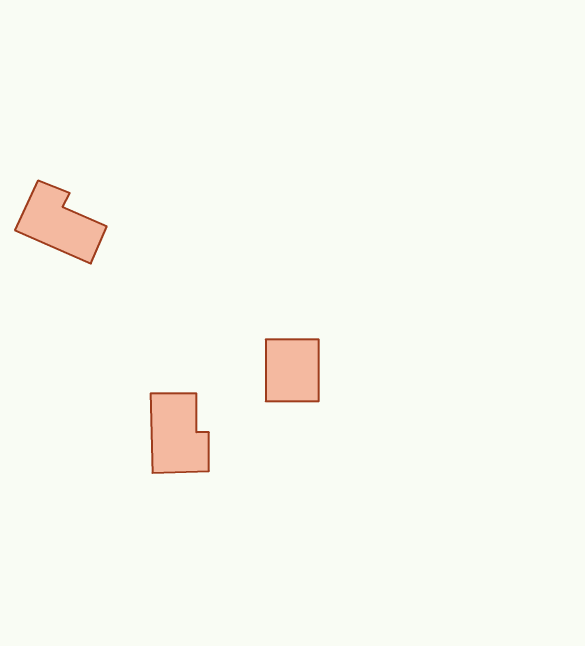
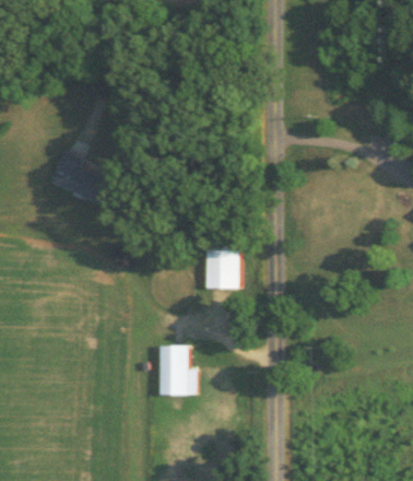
building: [151,393,209,473] -> [158,345,194,395]

